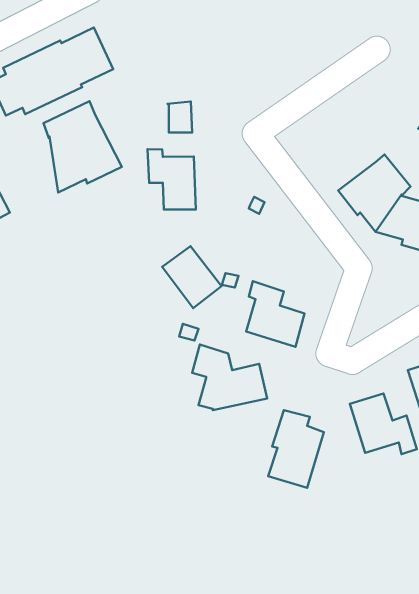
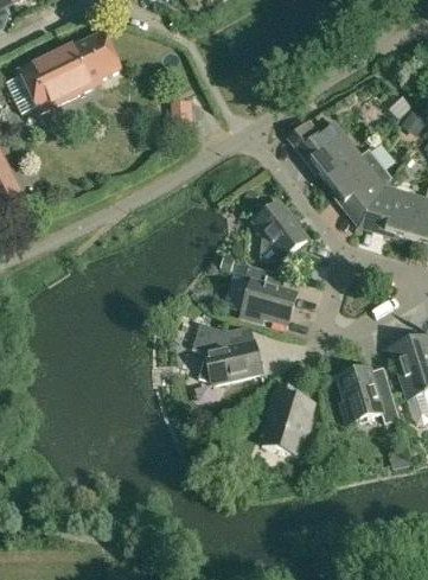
building: [43,101,122,192] -> none
building: none -> [304,120,362,180]
building: [147,149,196,210] -> none
building: [162,246,222,308] -> [254,200,308,257]

